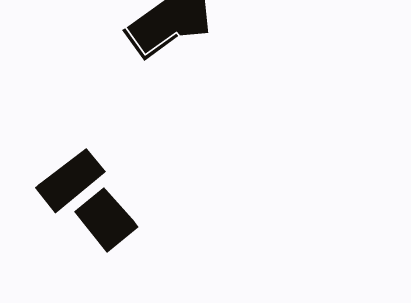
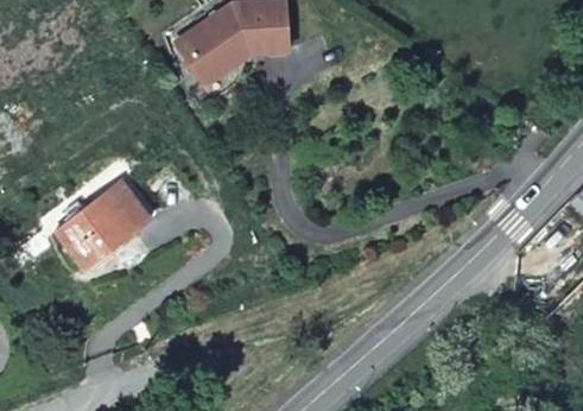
building: [73,186,140,254] -> none

